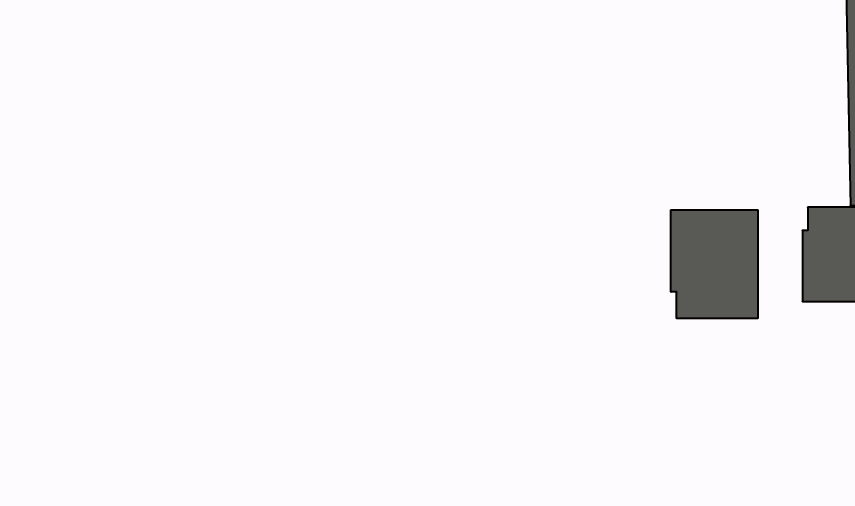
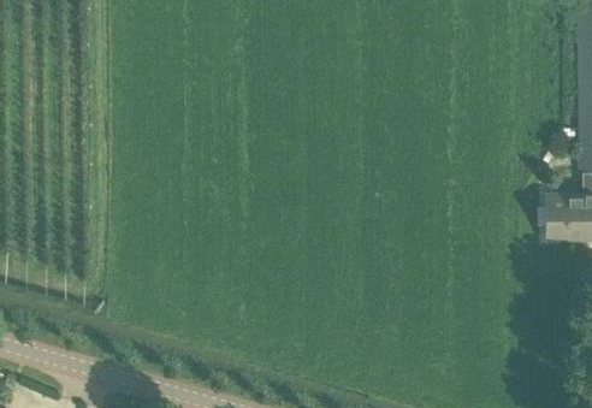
building: [671,210,758,318] -> none

